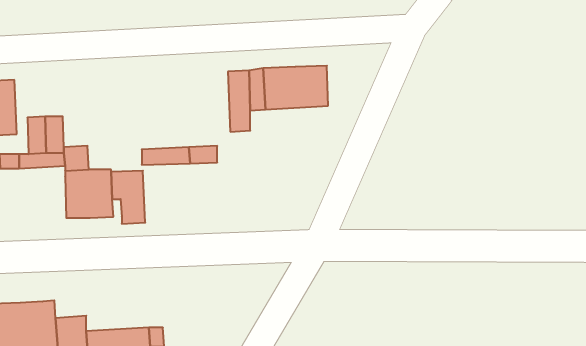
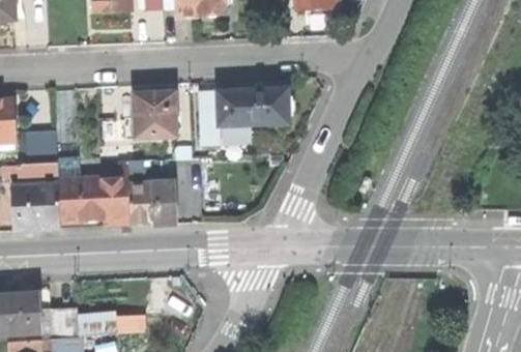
building: none -> [134,91,176,136]
building: none -> [128,182,173,224]
building: none -> [12,183,59,229]

